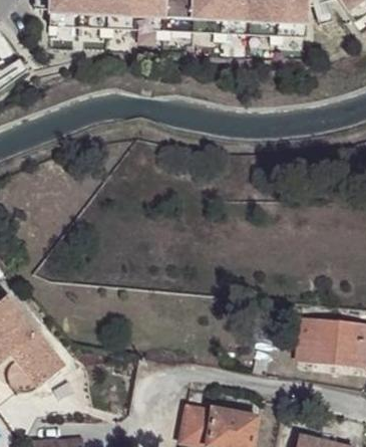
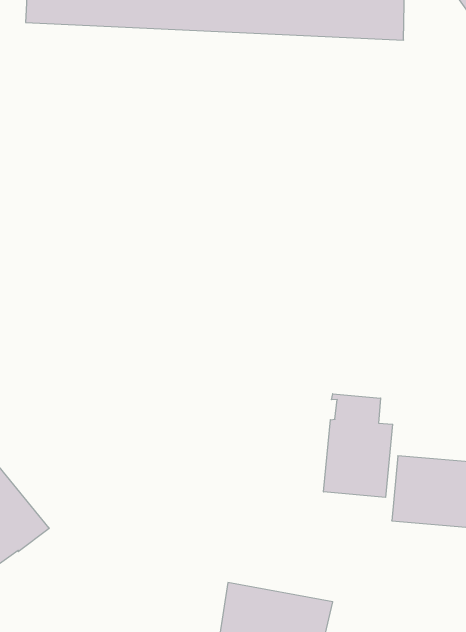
building: none -> [324,394,393,497]

